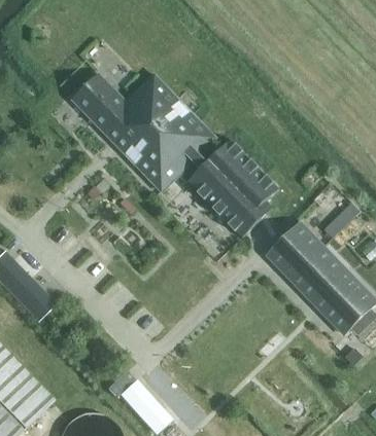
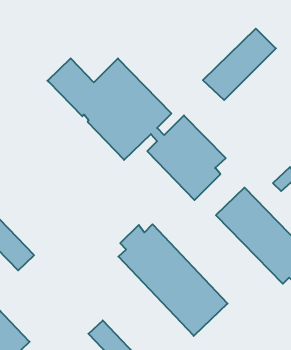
building: none -> [203,29,276,100]
building: none -> [118,224,228,336]

